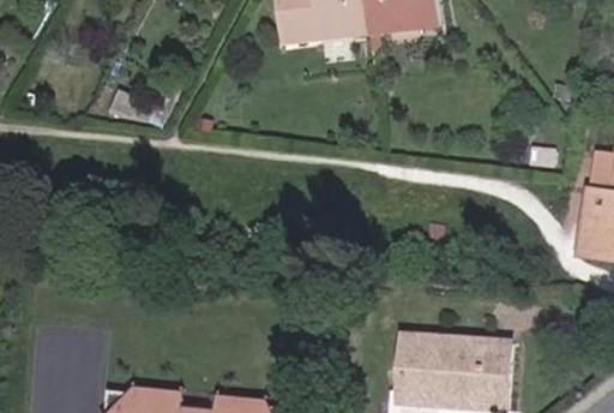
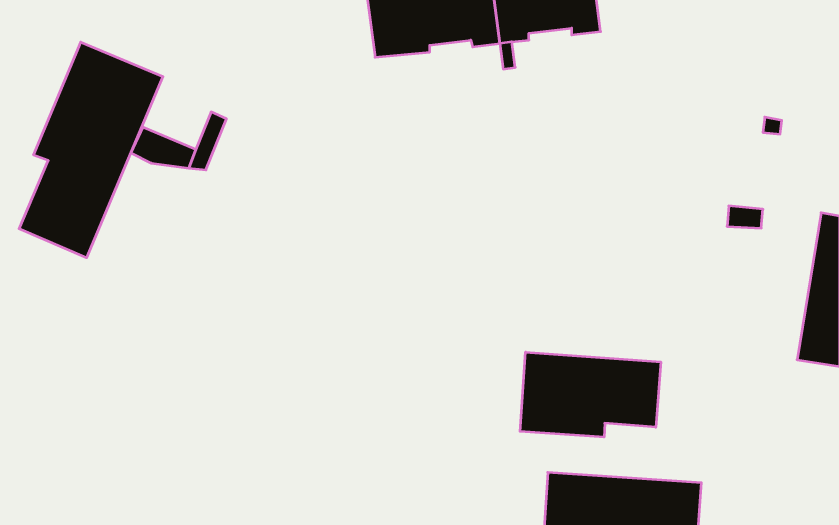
building: none -> [19,42,163,258]
building: none -> [520,352,661,437]

